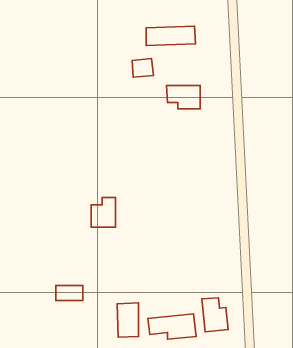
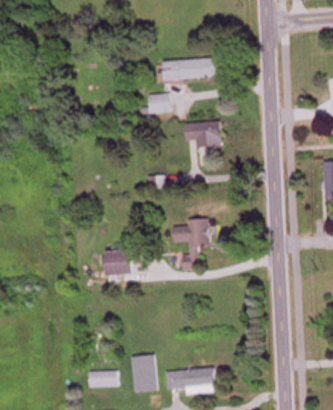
building: none -> [172,218,210,270]
building: [56,286,83,301] -> [88,371,117,387]
building: [202,298,228,332] -> none

